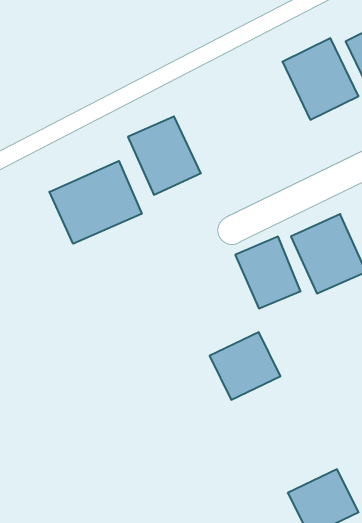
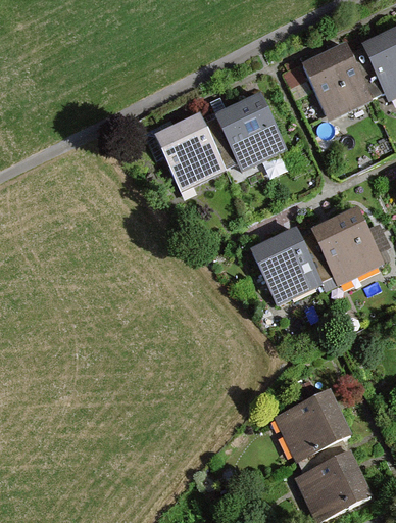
building: none -> [213,93,287,169]
building: [49,161,142,244] -> none
building: [210,332,280,400] -> [283,387,350,451]

